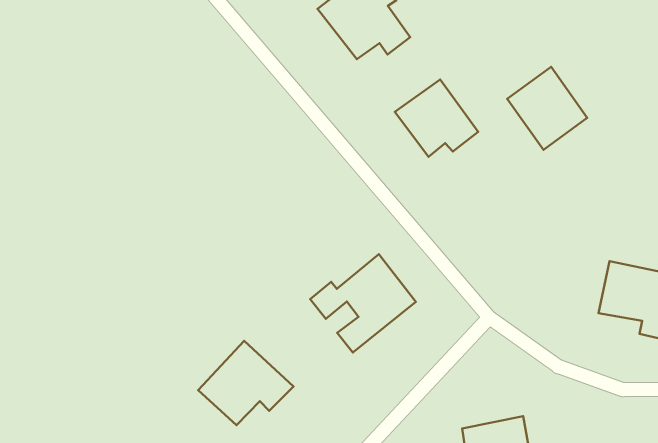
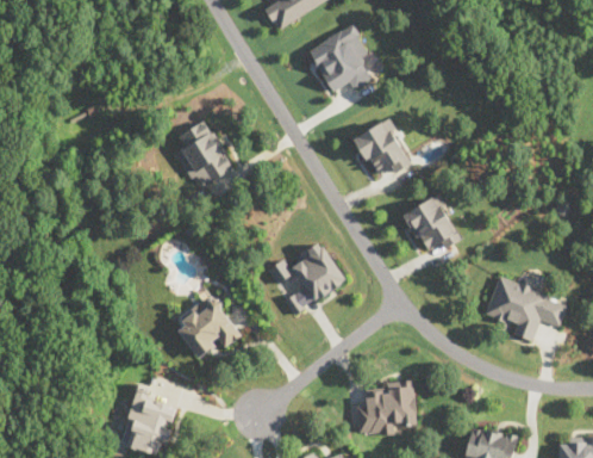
building: [507,67,587,150] -> [402,194,461,256]
building: none -> [175,120,233,186]

